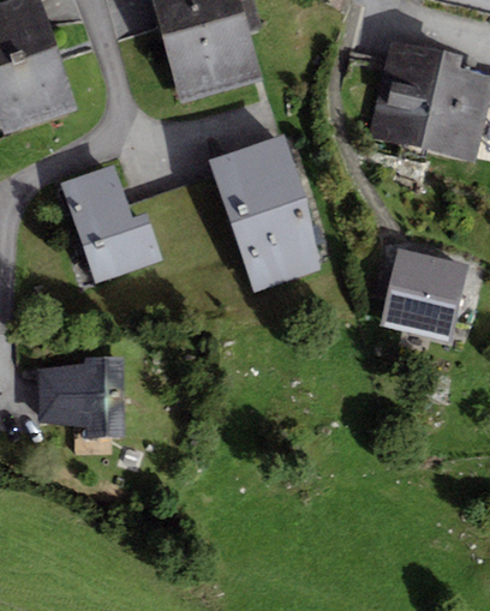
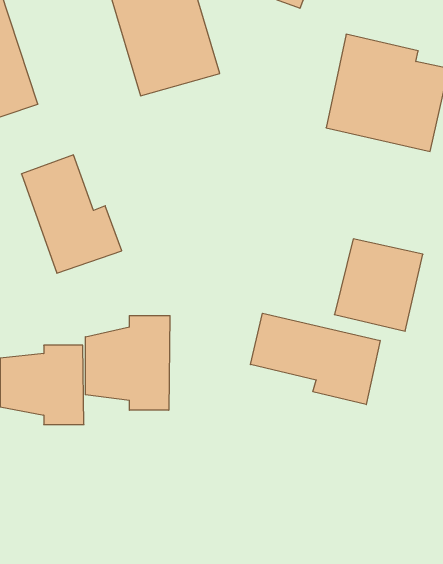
building: [208,133,324,293] -> none
building: none -> [250,313,380,405]
building: none -> [85,316,170,410]

